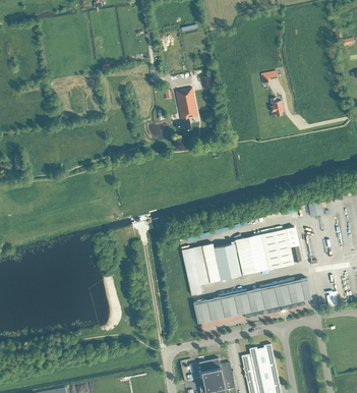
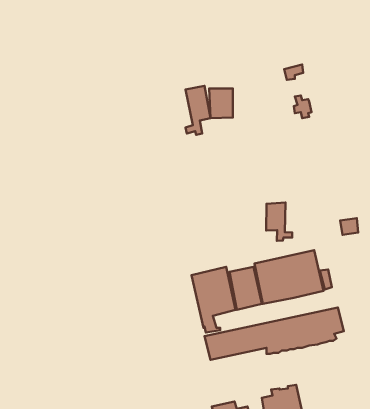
building: none -> [209,88,233,118]
building: none -> [266,203,292,241]

